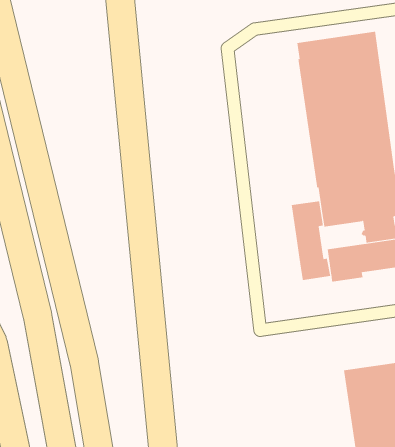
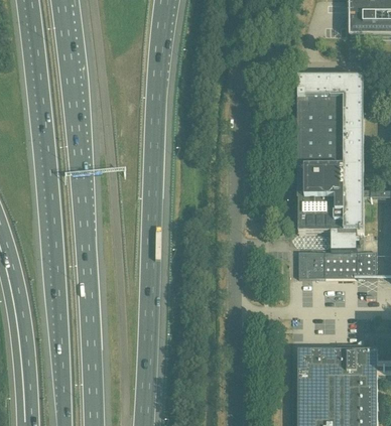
building: [291,200,331,281] -> none

